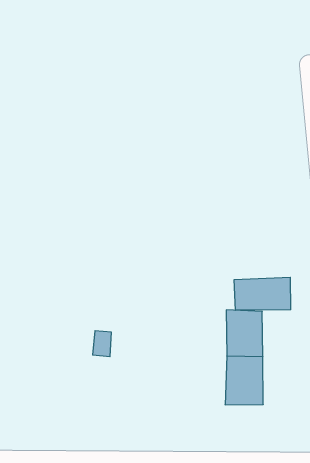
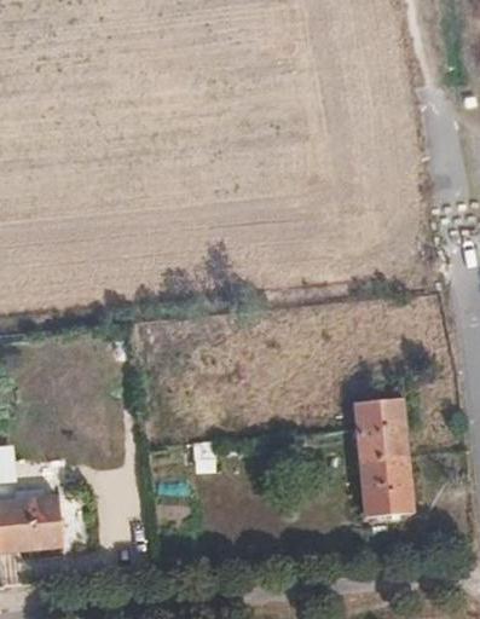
building: [234,277,291,310] -> none

